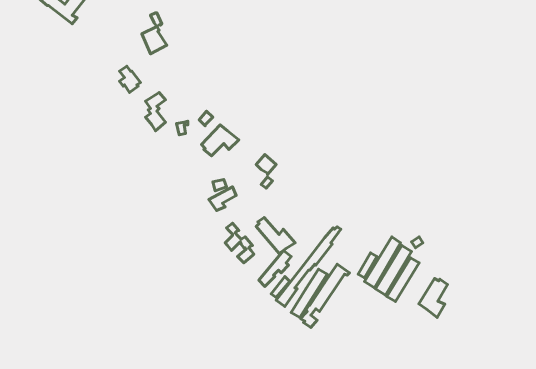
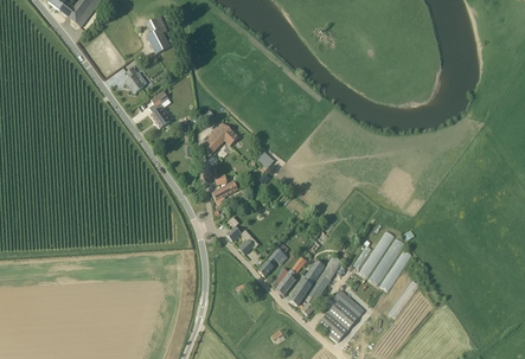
building: [256,217,295,253] -> none
building: [419,278,447,317] -> none
building: none -> [318,289,365,341]

